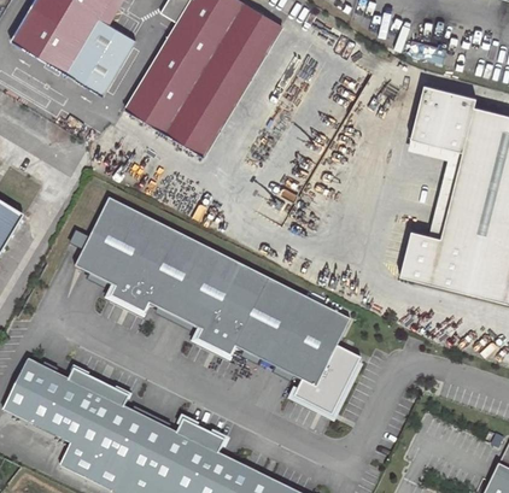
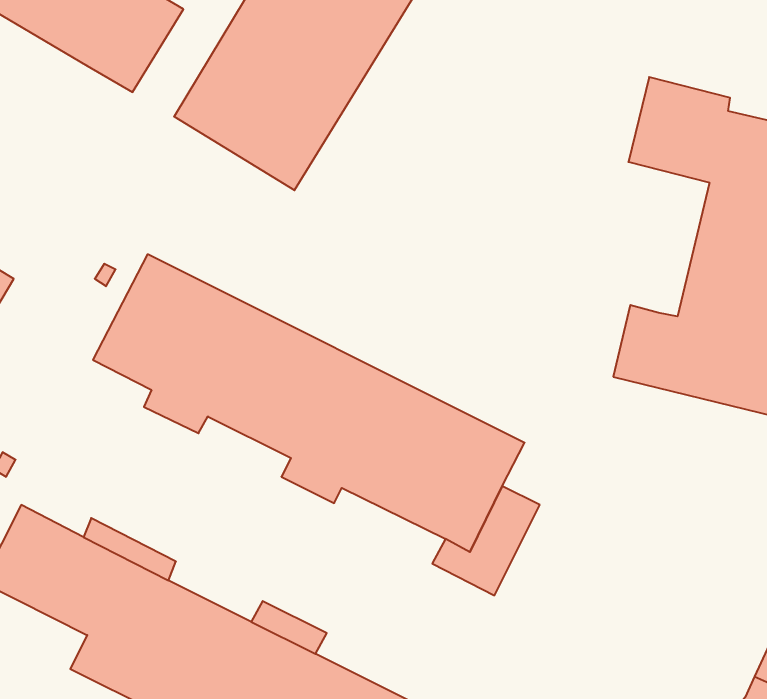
building: [414,140,468,239] -> none

